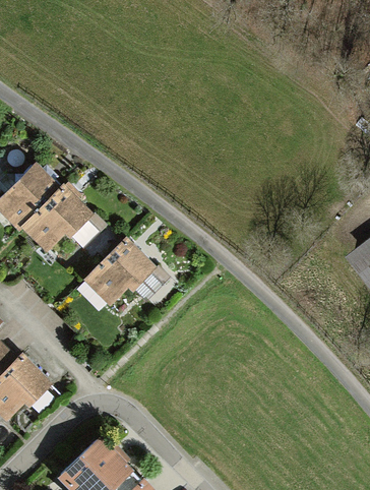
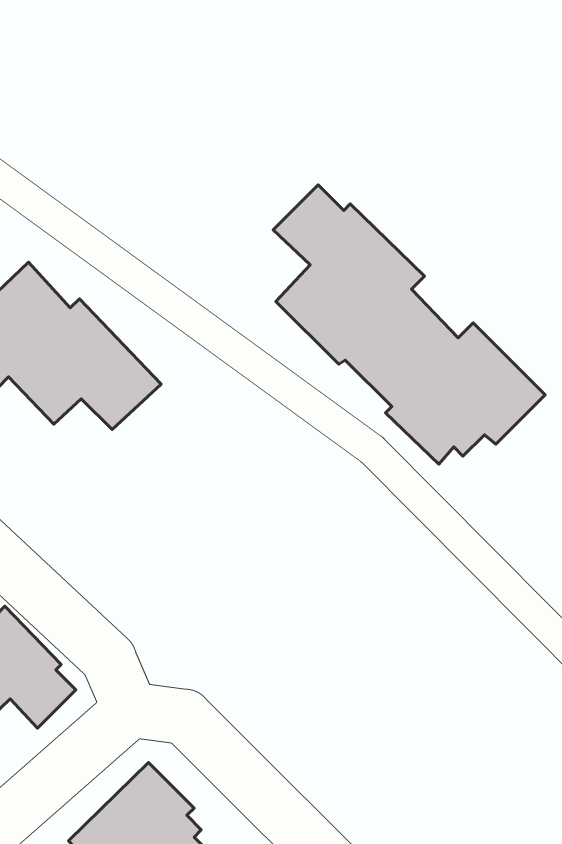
building: none -> [273,185,545,464]
building: [84,237,168,303] -> none

